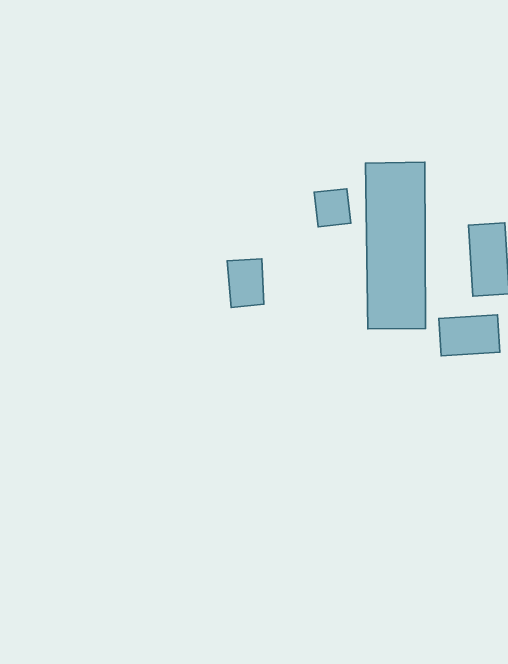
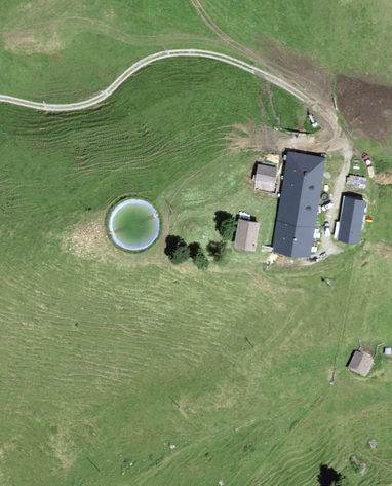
building: [227,259,264,308] -> [234,220,257,249]
building: [439,315,500,356] -> none

